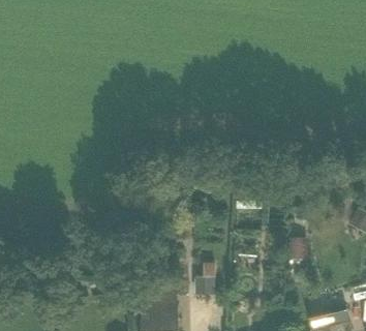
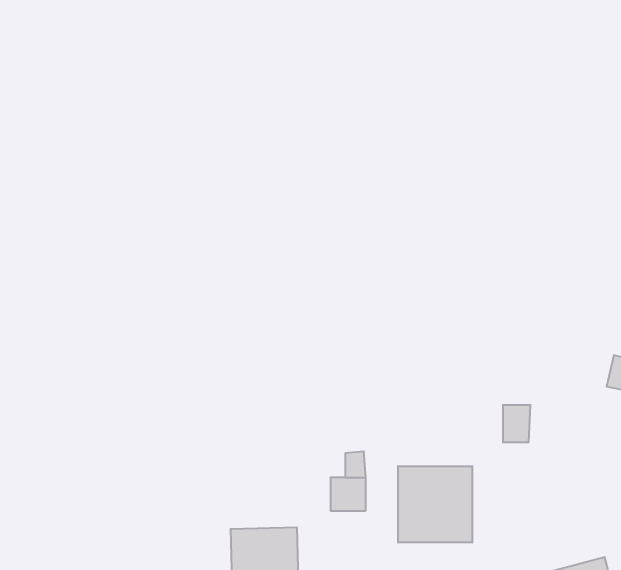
building: none -> [398,466,472,543]

